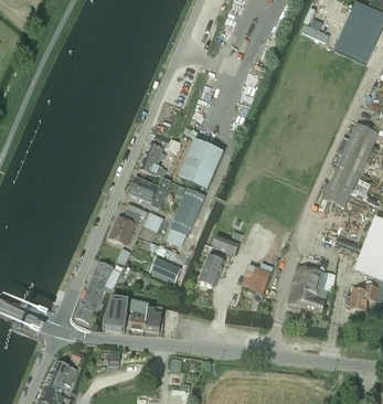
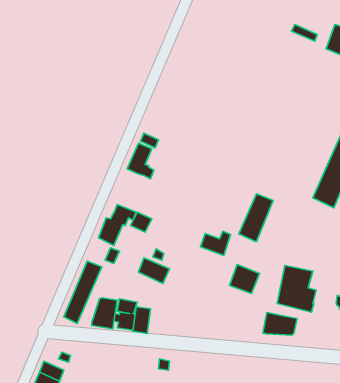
building: [179,139,223,189] -> none
building: [129,177,159,203] -> none
building: [170,188,204,235] -> [239,194,273,242]
building: [199,254,224,286] -> none
building: none -> [263,312,297,335]

